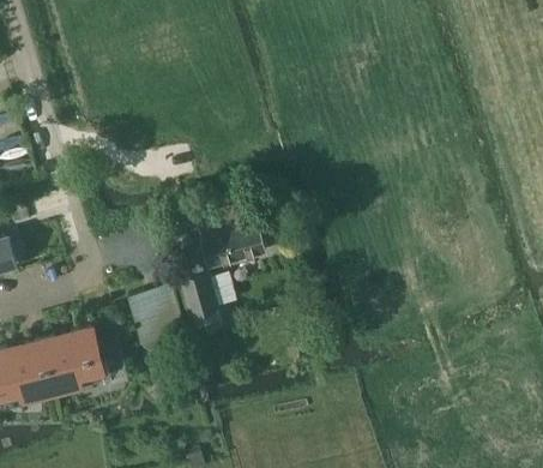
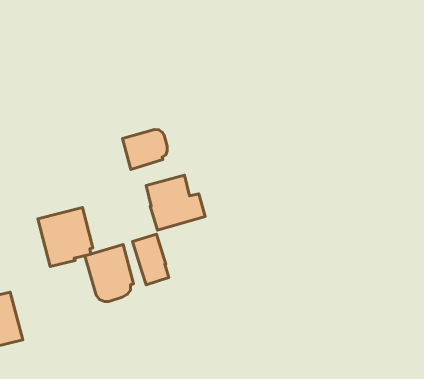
building: none -> [122,129,167,169]
building: [41,328,104,396] -> [38,208,93,267]

